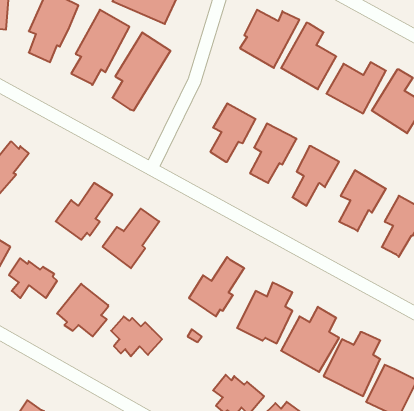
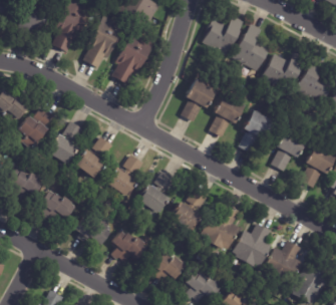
building: none -> [46,123,83,166]
building: none -> [134,172,176,218]
building: none -> [148,249,185,284]

